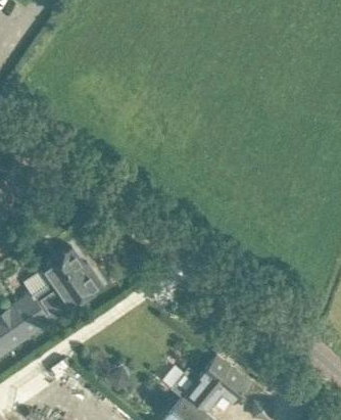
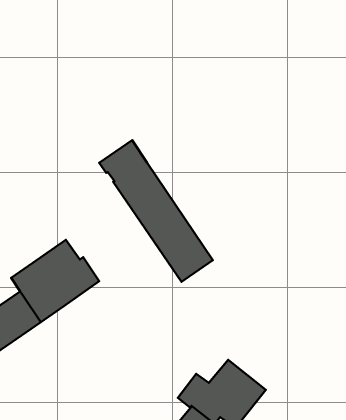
building: none -> [99,140,213,282]

